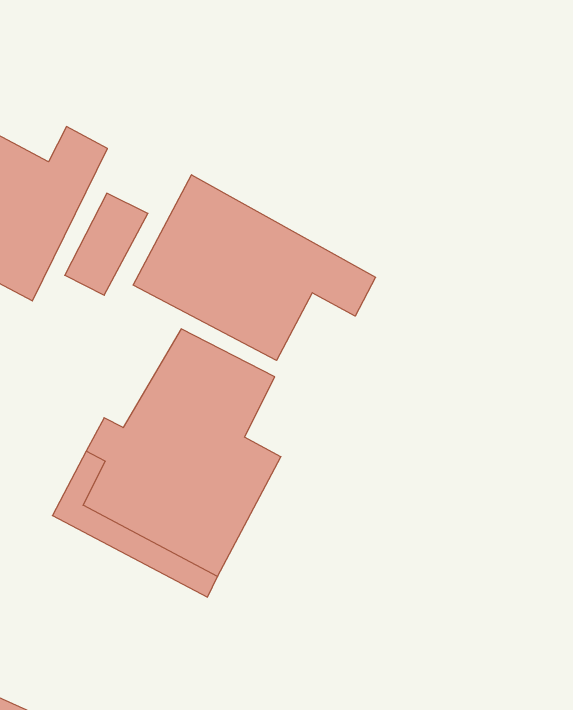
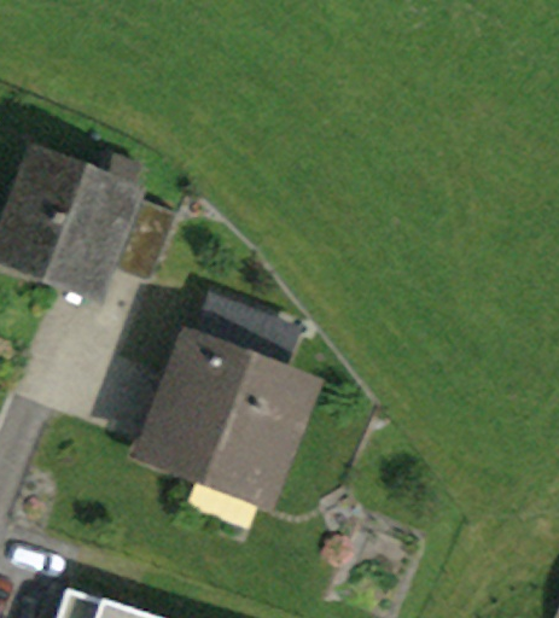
building: [133,175,376,360] -> none

